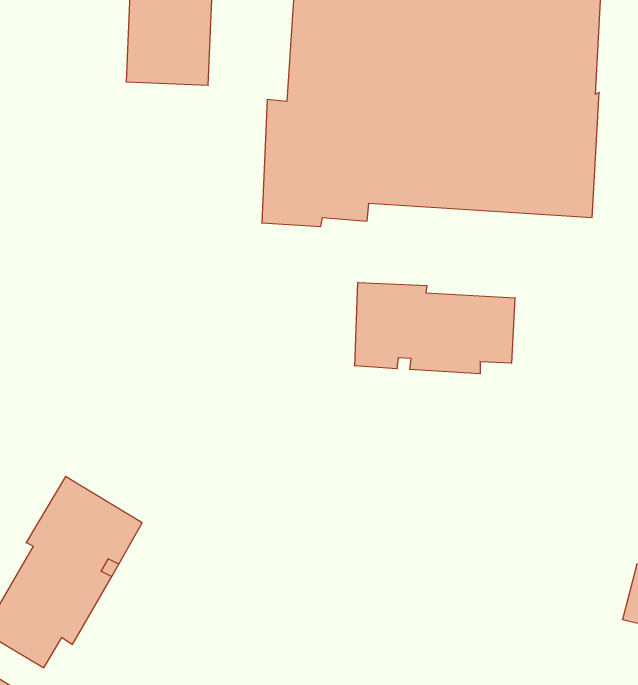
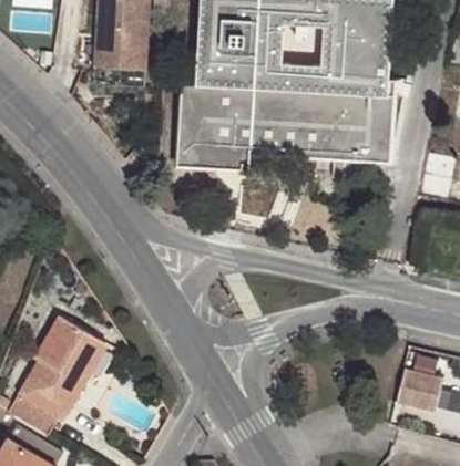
building: [355,282,515,374] -> none

